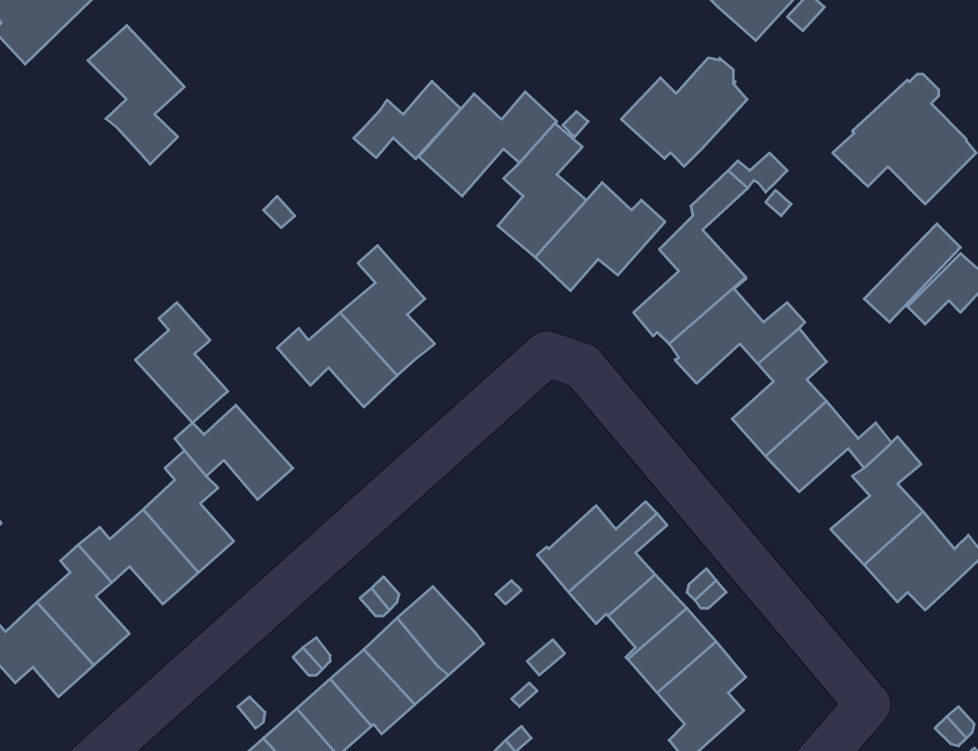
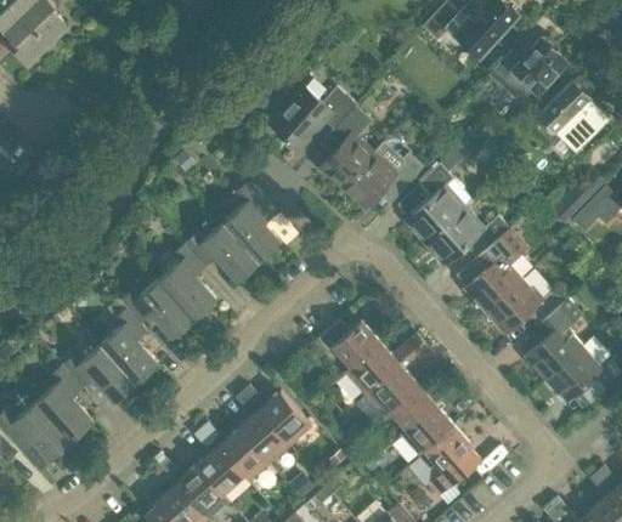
building: [88,25,184,164] -> none
building: [621,58,747,166] -> [488,35,566,102]
building: [354,81,461,159] -> none
building: [135,303,228,423] -> [158,244,215,318]
building: none -> [318,319,380,368]

